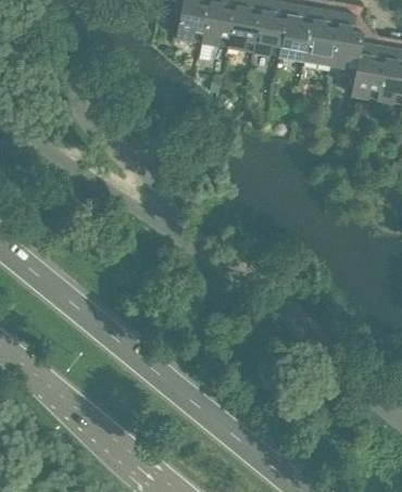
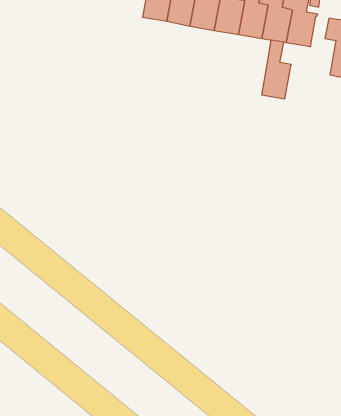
building: [352,37,384,100] -> [262,40,291,99]

